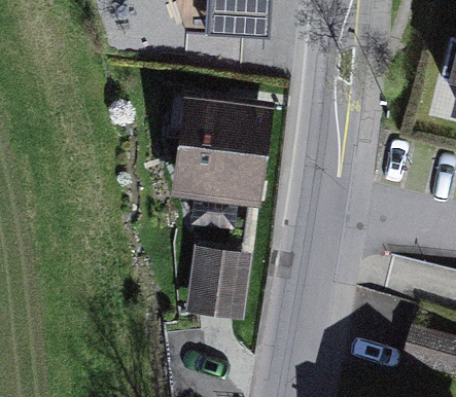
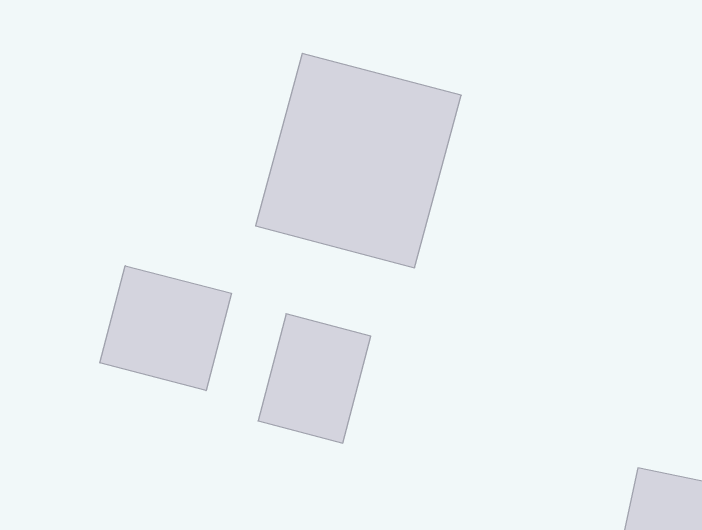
building: none -> [100,266,231,391]

